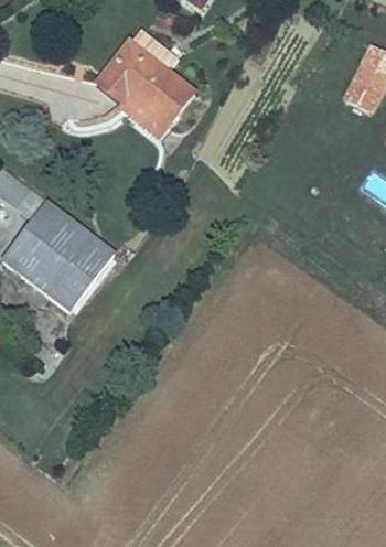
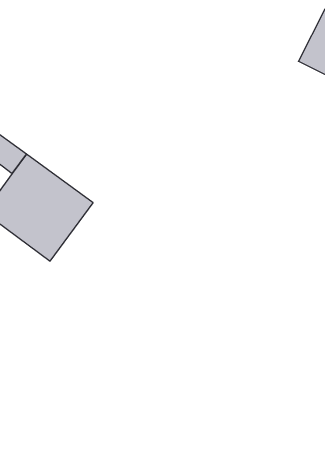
building: [93,36,197,140] -> none

